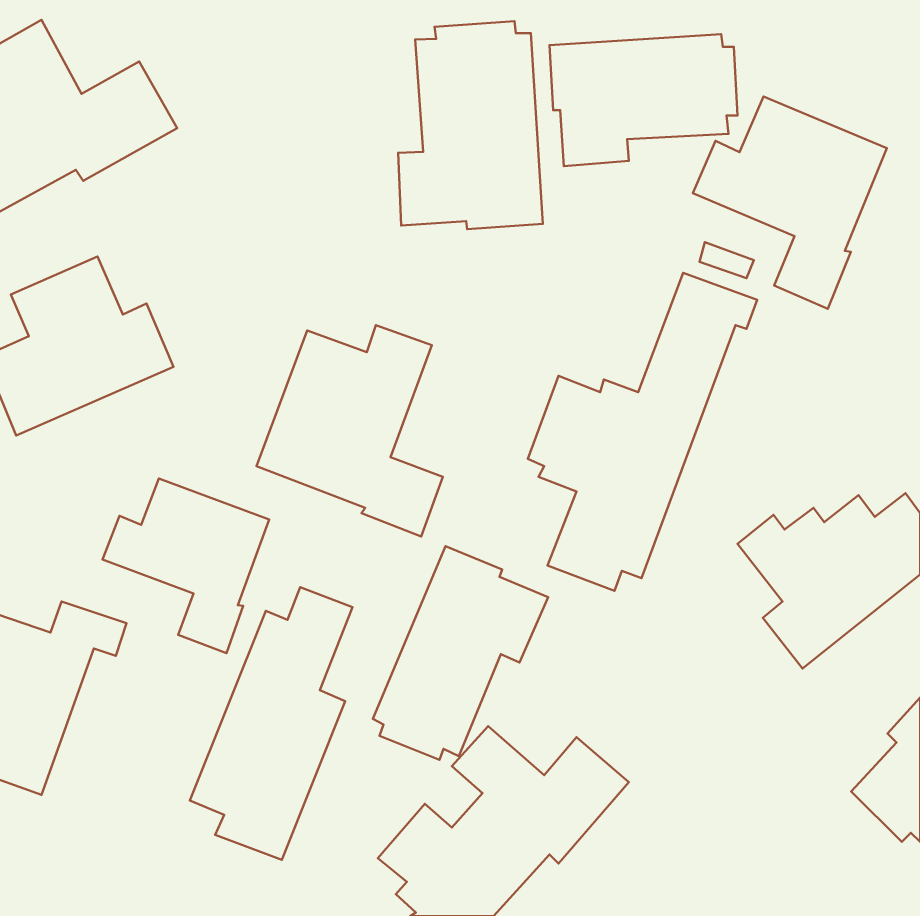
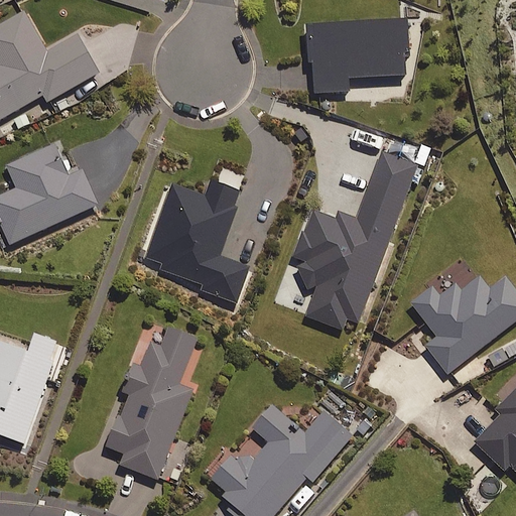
building: [398,21,543,229] -> none
building: [693,96,887,309] -> none
building: [102,478,269,653] -> none
building: [373,546,548,760] -> none

